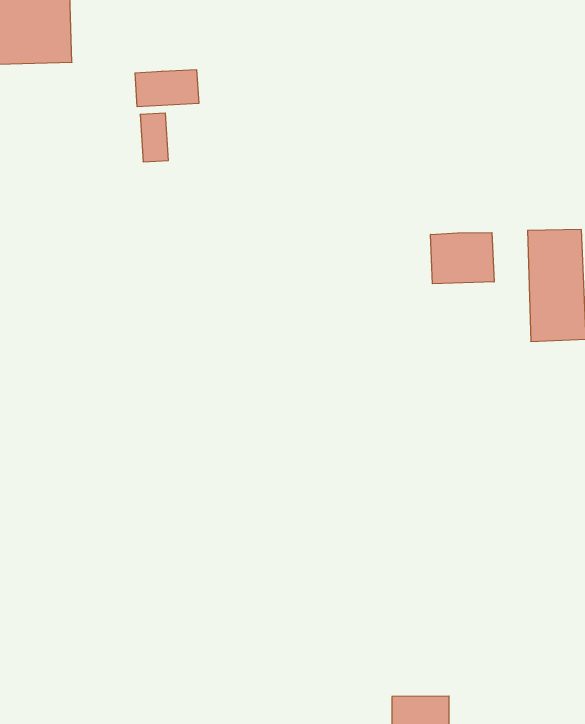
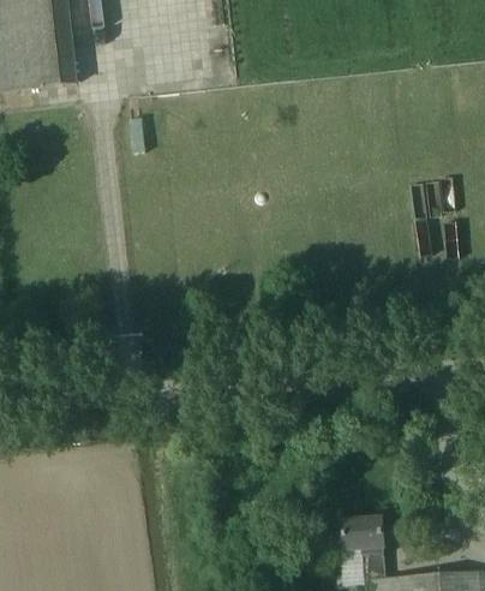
building: [135,70,199,107] -> none
building: [431,233,494,284] -> none

